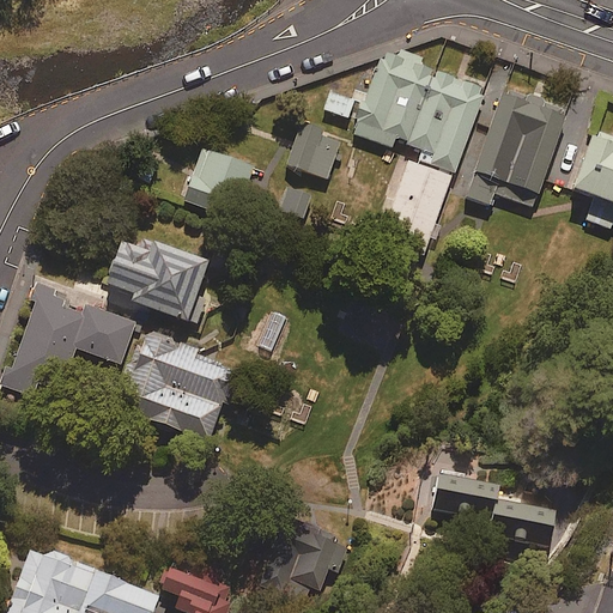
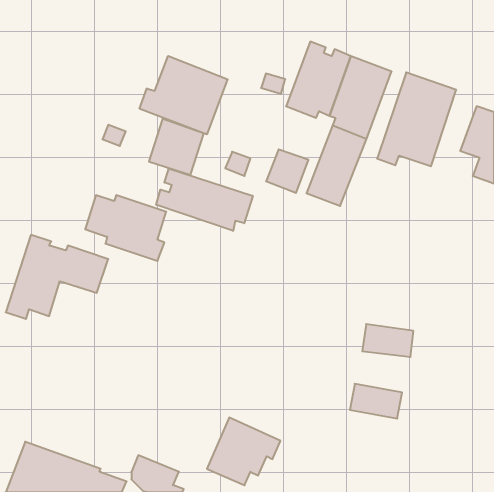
building: none -> [140,56,228,134]
building: [289,125,341,178] -> [266,149,309,193]
building: none -> [156,168,253,231]
building: [114,332,235,441] -> none
building: [491,503,554,544] -> [362,324,413,357]

